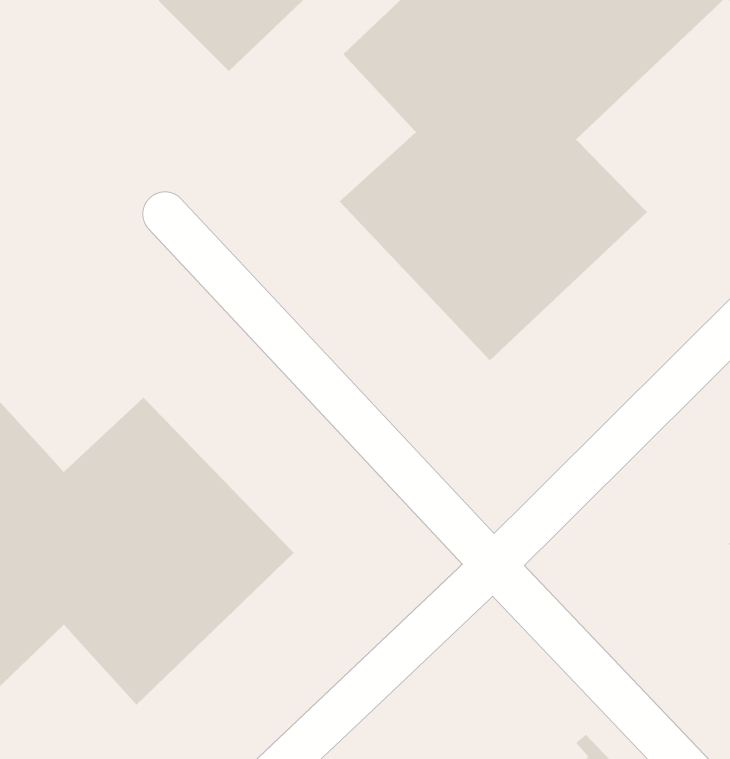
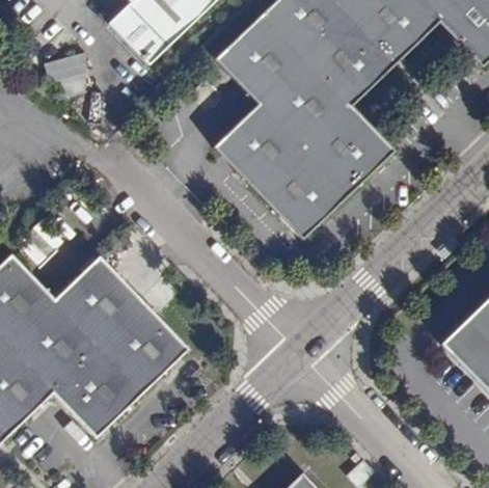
building: none -> [44,54,86,98]

